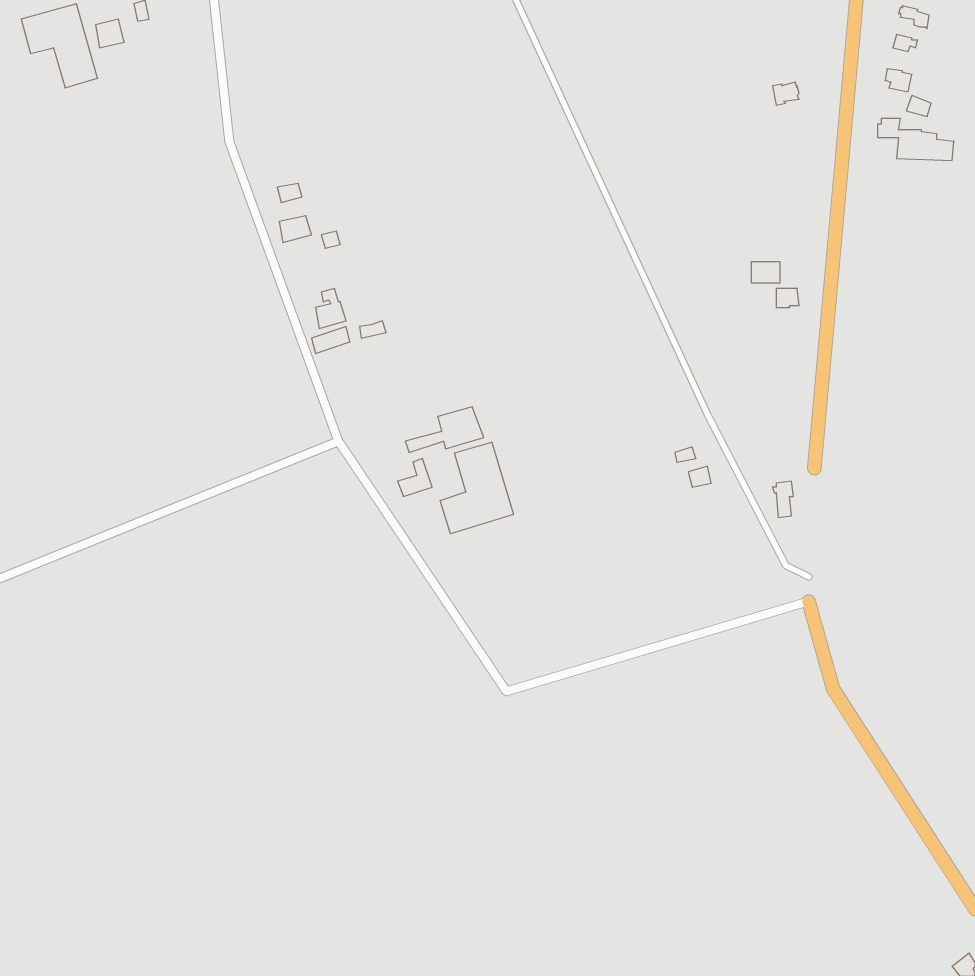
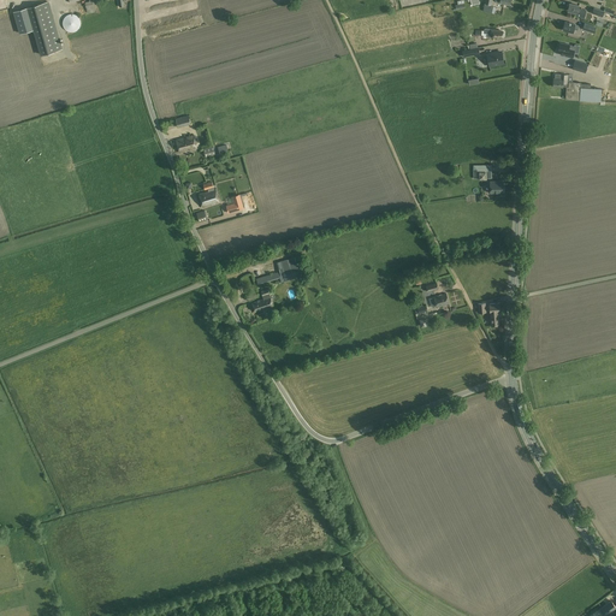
building: [440,442,513,534] -> none

